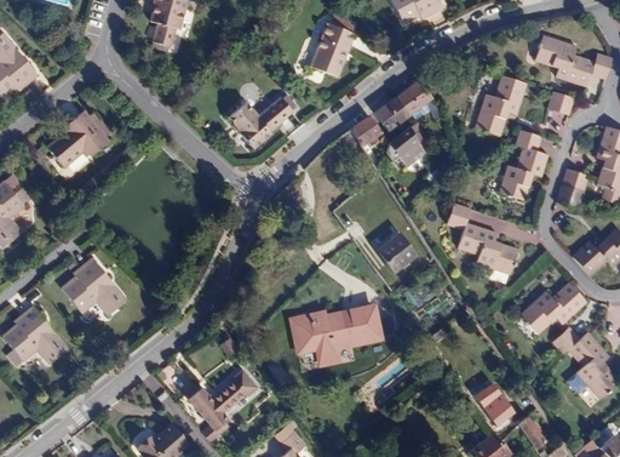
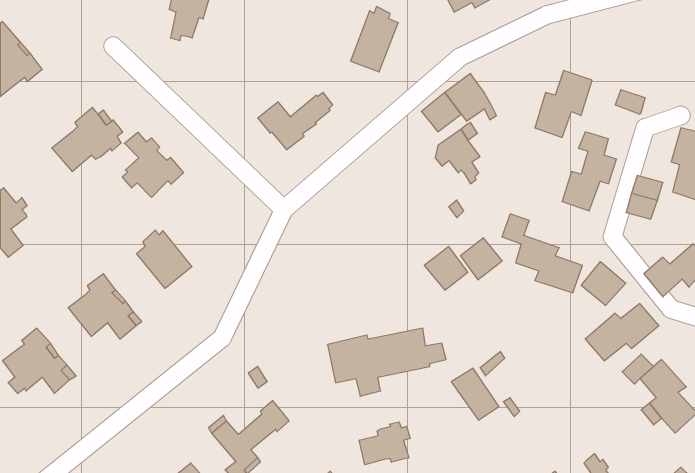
building: [534,34,610,86] -> none
building: [350,114,381,145] -> none
building: none -> [122,132,183,197]
building: none -> [136,230,192,288]
building: none -> [460,238,502,280]
building: none -> [581,262,626,306]
building: [471,378,513,424] -> [451,368,499,420]
building: none -> [359,422,410,465]

